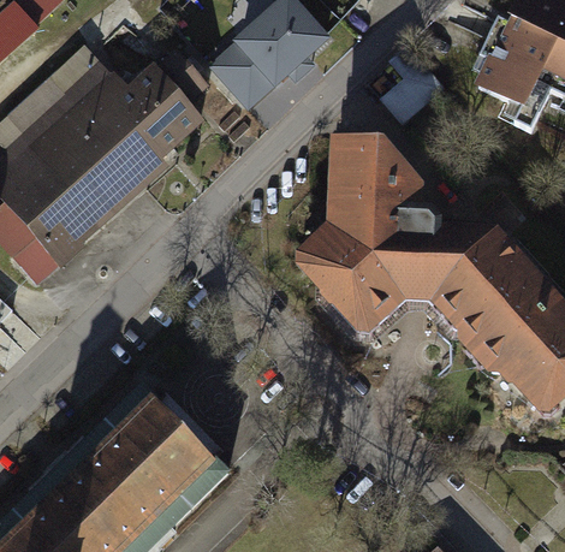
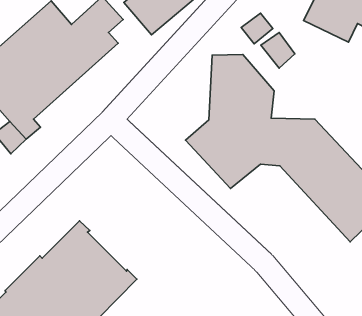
building: none -> [261,32,295,68]

